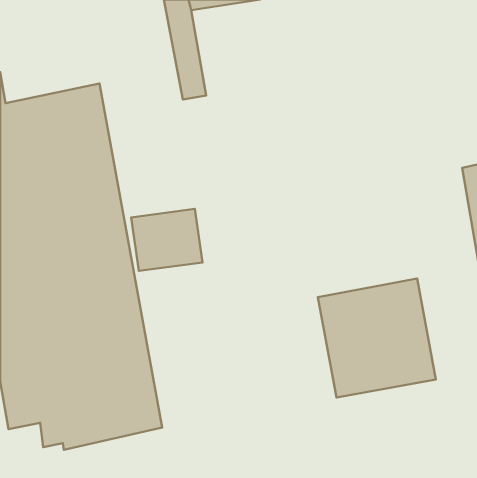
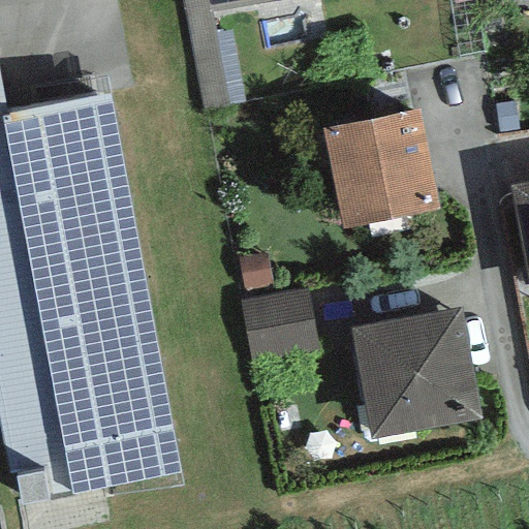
building: none -> [323,108,440,229]
building: [131,209,202,271] -> [242,289,320,357]

